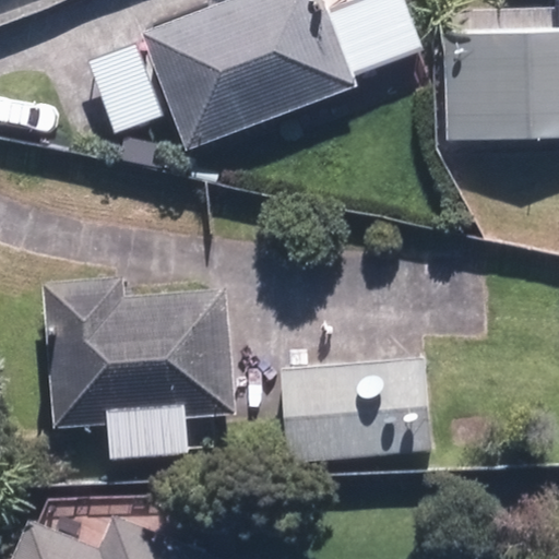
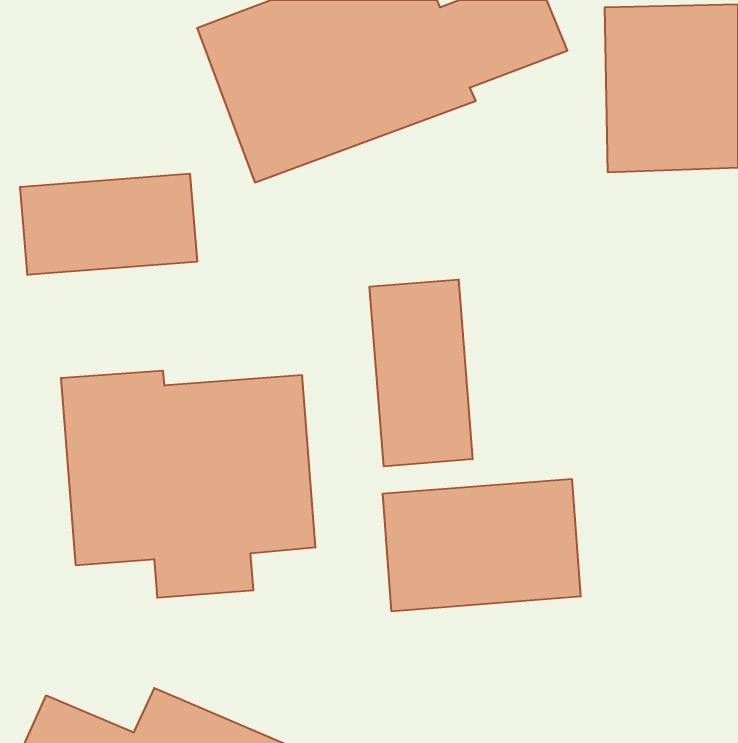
building: none -> [20,174,197,275]
building: none -> [370,279,473,466]

